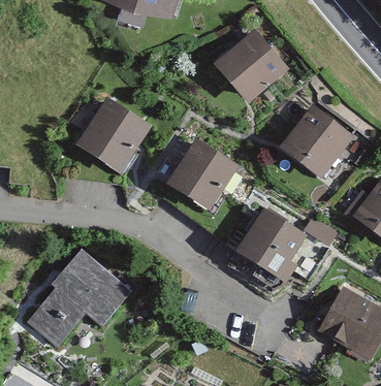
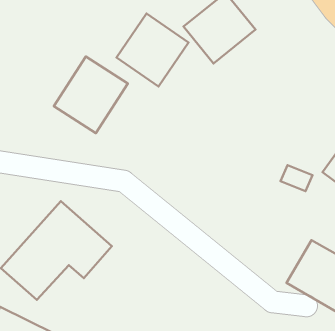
building: [278,105,346,178] -> none
building: [165,138,240,214] -> [117,14,188,86]
building: [233,205,307,286] -> none

